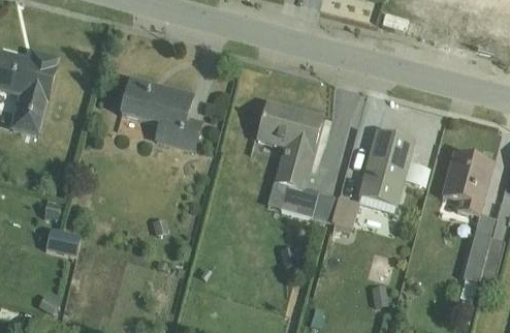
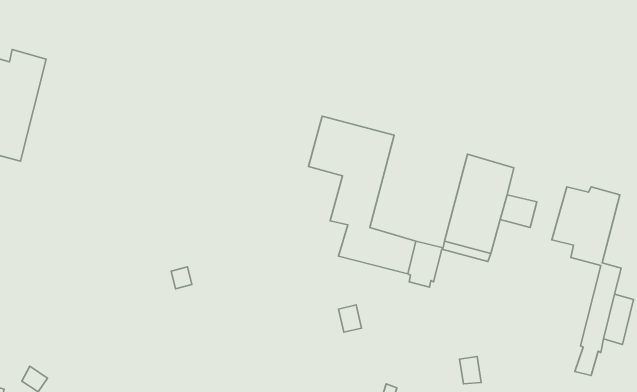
building: [120,78,201,150] -> none
building: [45,228,79,253] -> none

